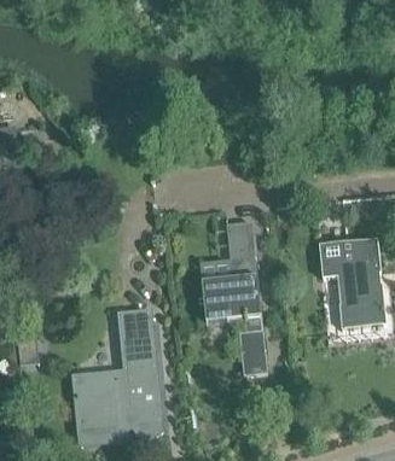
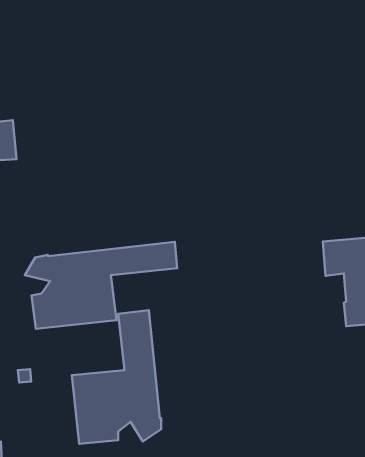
building: [201,221,266,375] -> none
building: none -> [25,242,177,329]

